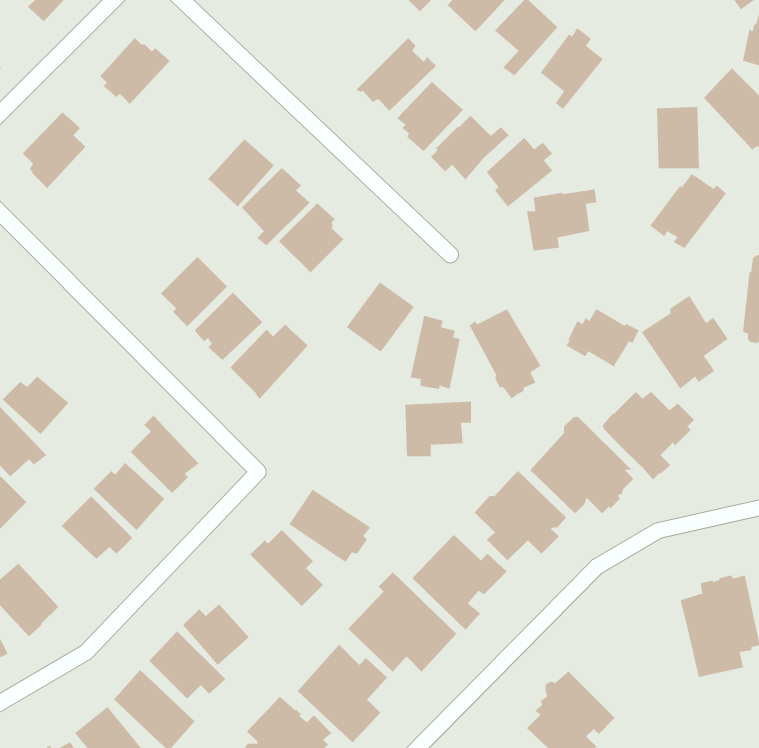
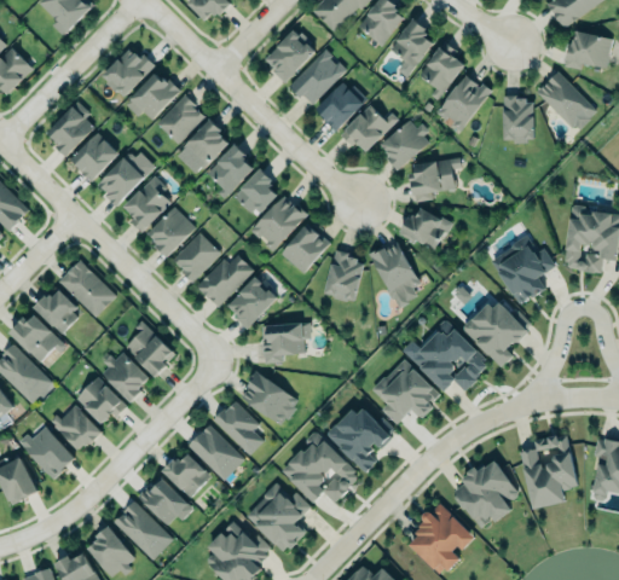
building: none -> [264,29,317,82]
building: none -> [125,71,180,118]
building: none -> [157,93,204,143]
building: none -> [73,132,118,180]
building: [649,173,727,249] -> [435,75,491,129]
building: none -> [99,152,147,204]
building: none -> [123,174,172,231]
building: none -> [251,195,307,251]
building: [565,308,640,367] -> [399,207,452,249]
building: none -> [58,259,116,317]
building: none -> [227,276,278,327]
building: [404,401,472,457] -> [262,324,311,364]
building: none -> [50,405,102,448]
building: none -> [189,424,245,480]
building: none -> [451,459,519,529]

